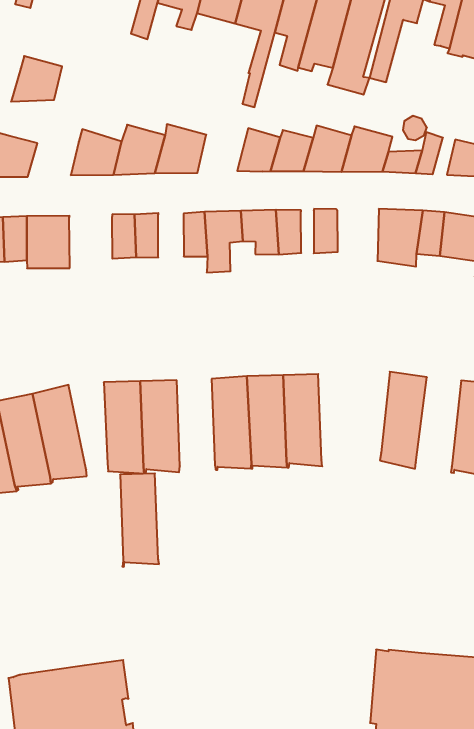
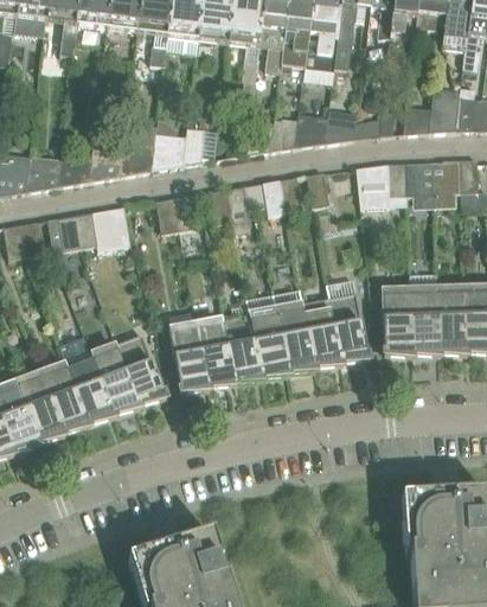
building: [11,56,62,102] -> [89,146,123,181]
building: none -> [409,273,438,358]
building: none -> [328,293,369,366]
building: [120,473,159,567] -> [223,313,262,386]

